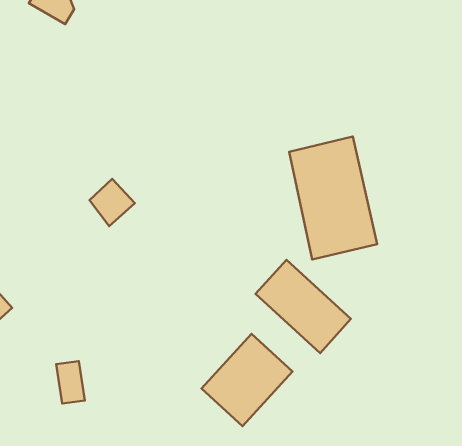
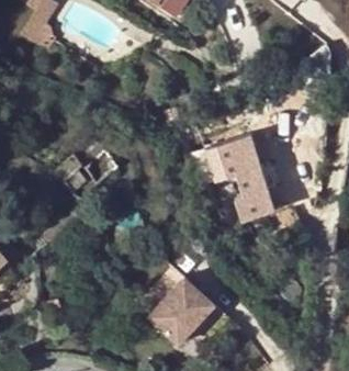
building: [256,260,351,353] -> none

